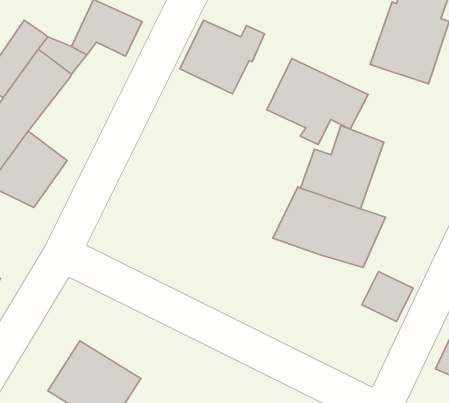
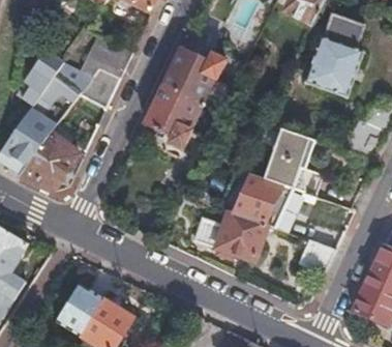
building: none -> [80,66,121,107]
building: [267,58,368,145] -> [143,86,218,150]
building: none -> [193,212,266,260]

